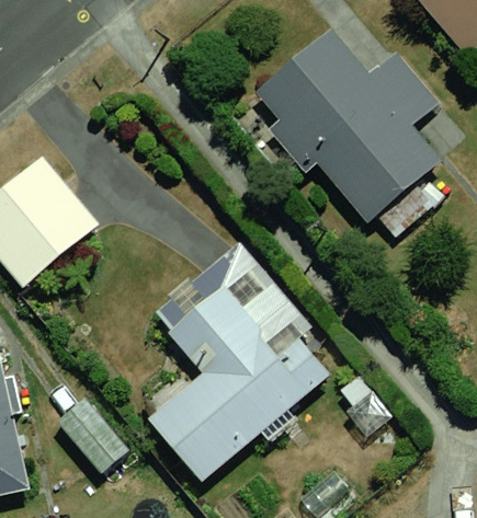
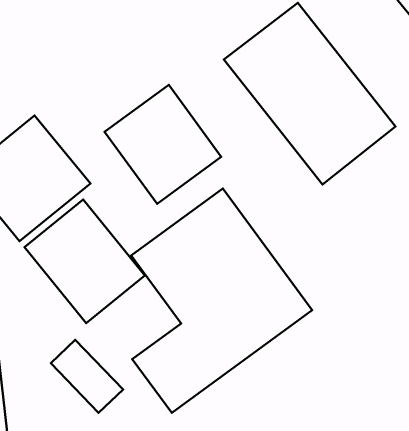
building: none -> [105,85,221,204]
building: none -> [25,199,145,323]

